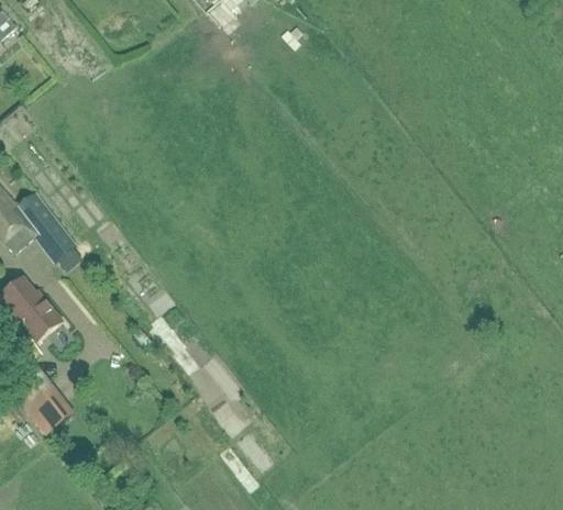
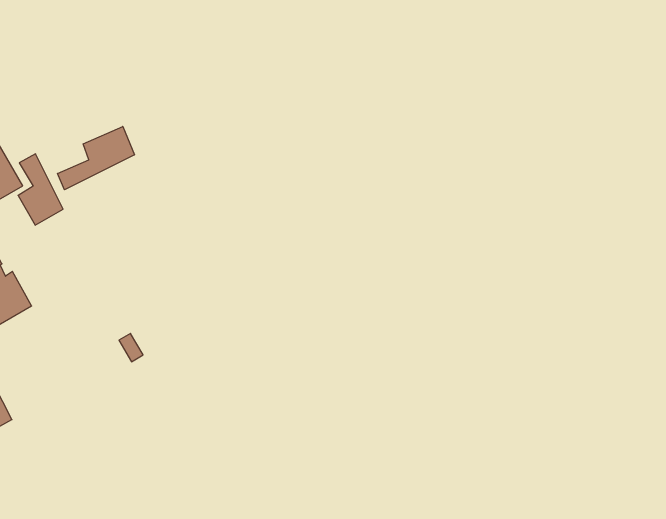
building: none -> [58,126,134,190]

